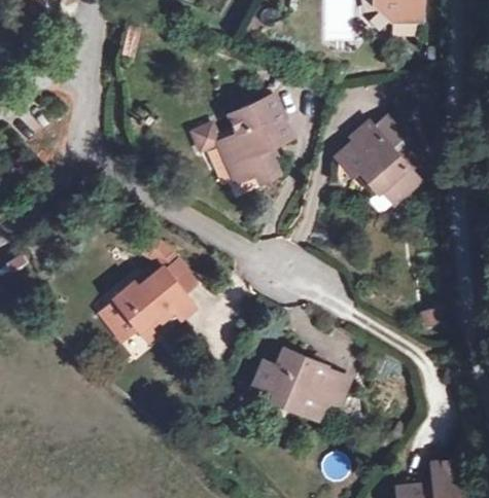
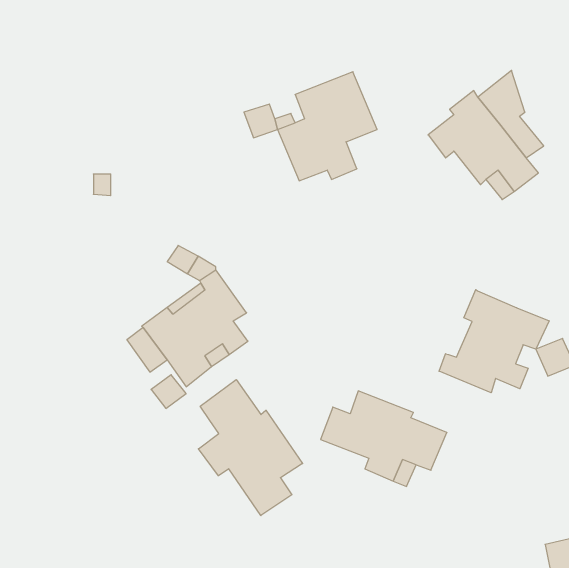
building: none -> [439,290,549,393]
building: none -> [198,380,303,516]

